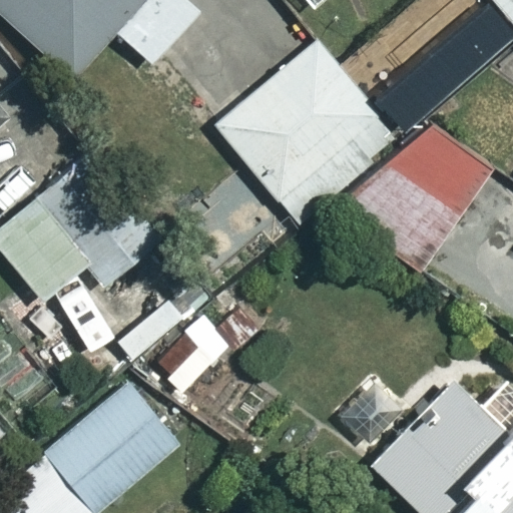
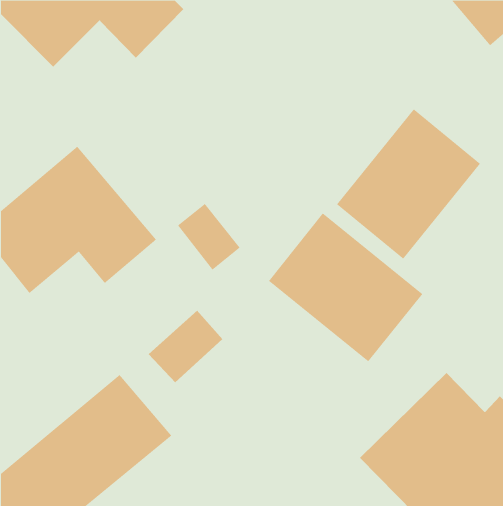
building: [214,40,398,222] -> none
building: none -> [268,213,423,362]

